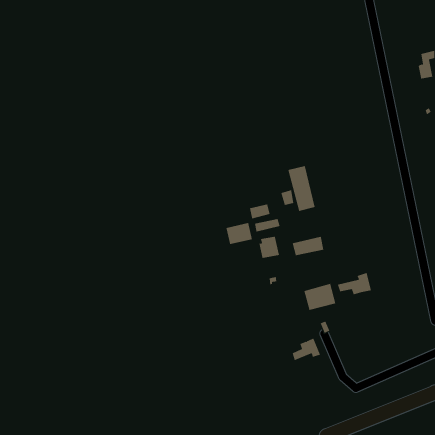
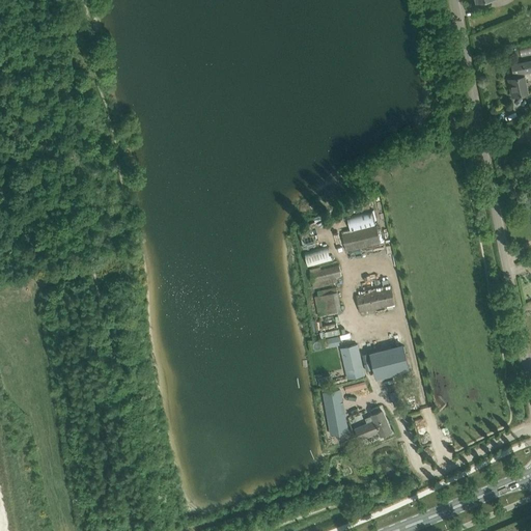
building: [226,222,253,245] -> none
building: [337,272,371,295] -> none
building: none -> [340,345,363,380]
building: none -> [322,390,346,435]

